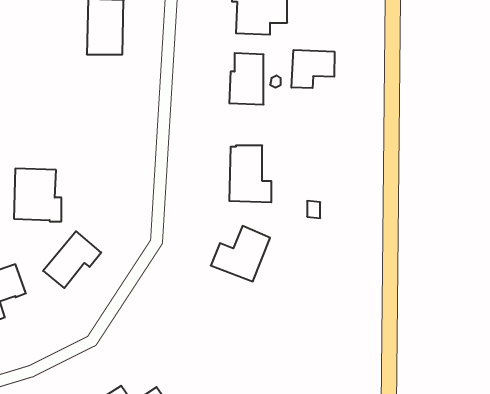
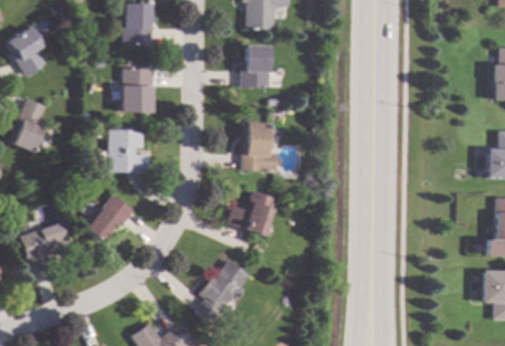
building: [291,50,334,88] -> none
building: none -> [119,69,152,113]
building: [14,169,61,221] -> [107,129,147,174]
building: none -> [194,260,249,325]

